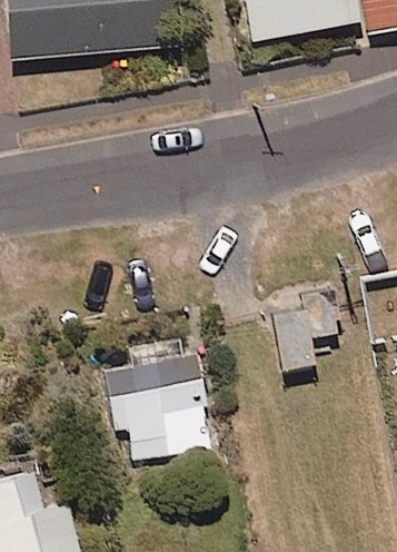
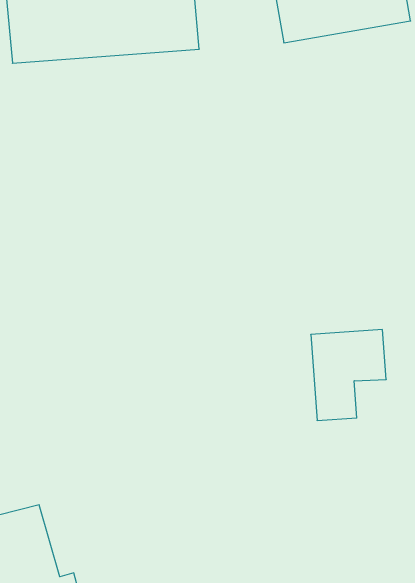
building: [106,333,211,459] -> none

